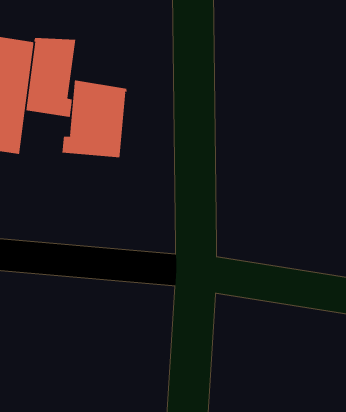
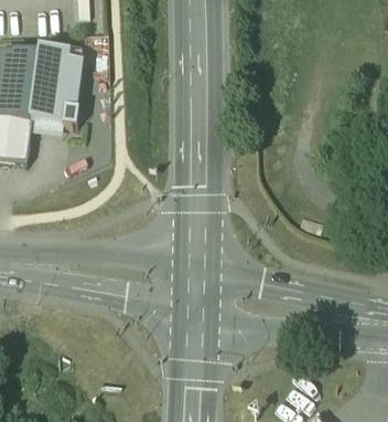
building: [62,80,127,158] -> none

